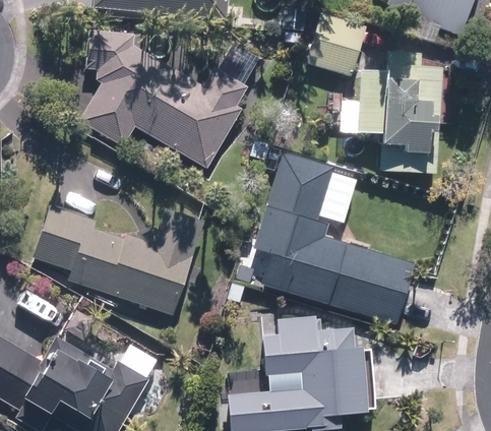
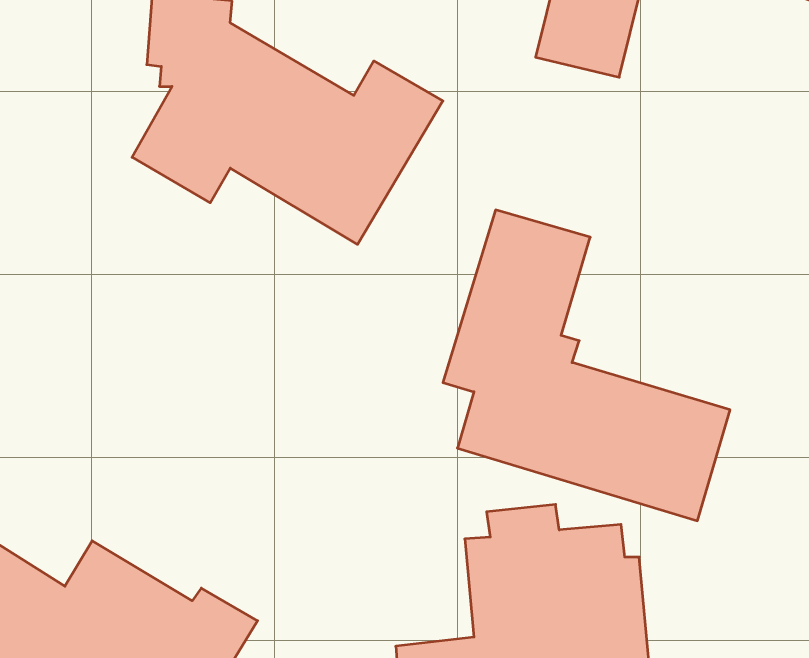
building: [356,50,444,173] -> none
building: [35,205,204,314] -> none

